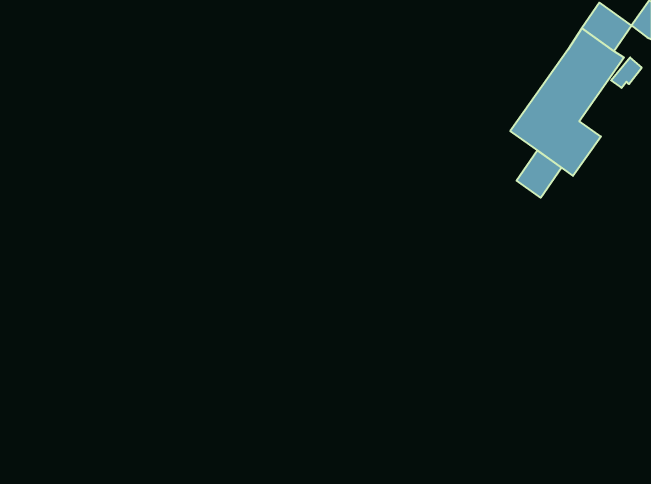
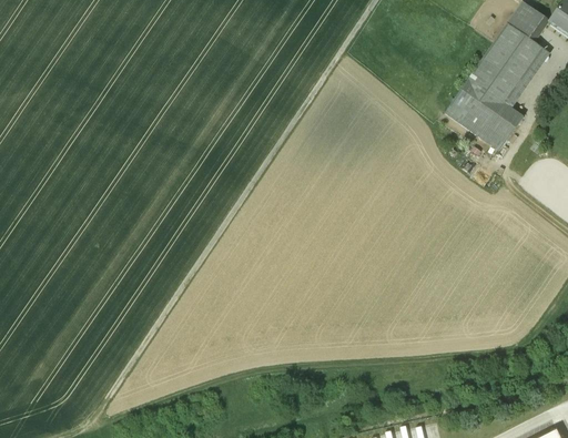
building: [517,151,562,198] -> none

